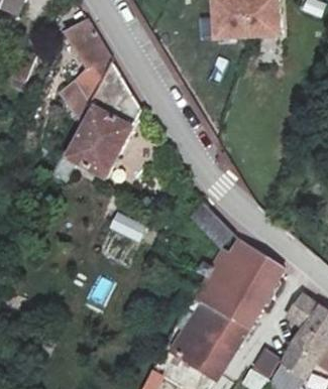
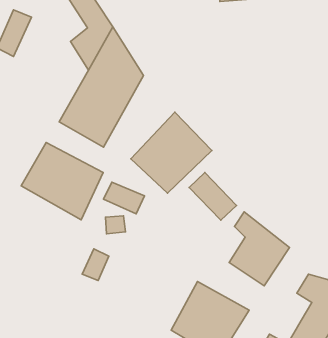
building: none -> [131,112,212,193]
building: none -> [21,143,103,220]
building: [193,272,258,332] -> none

